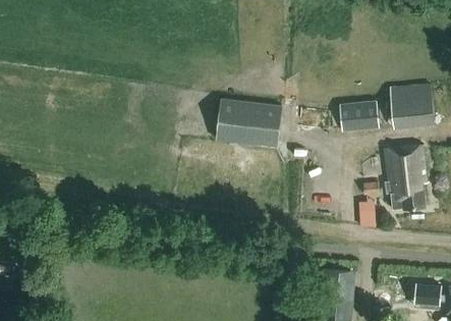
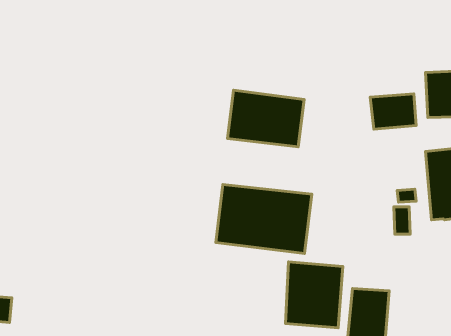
building: none -> [216,184,312,254]
building: none -> [285,262,343,328]

